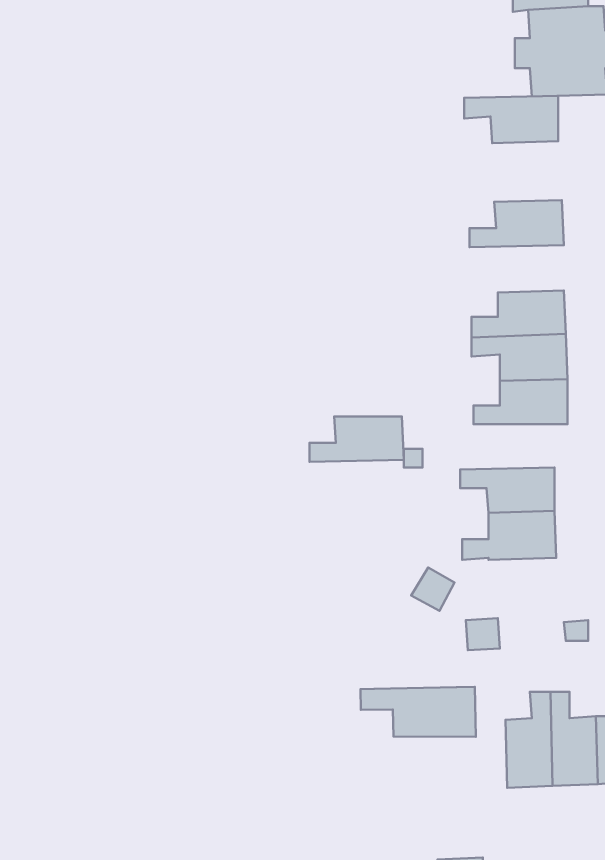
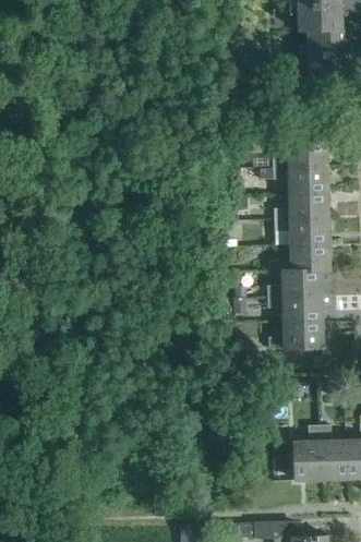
building: [464,96,558,143] -> [274,167,328,194]
building: [310,417,404,462] -> [268,270,323,297]
building: [360,687,476,737] -> none

